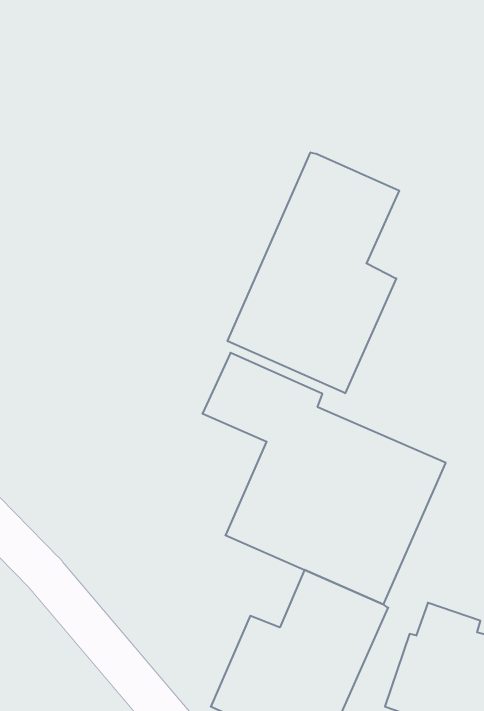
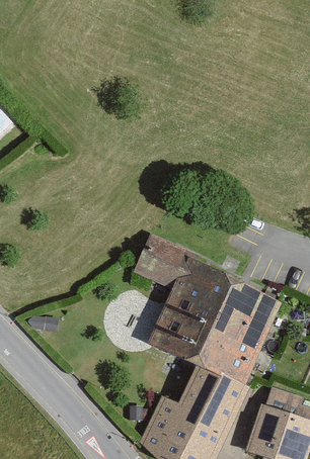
building: [228,152,399,393] -> none

